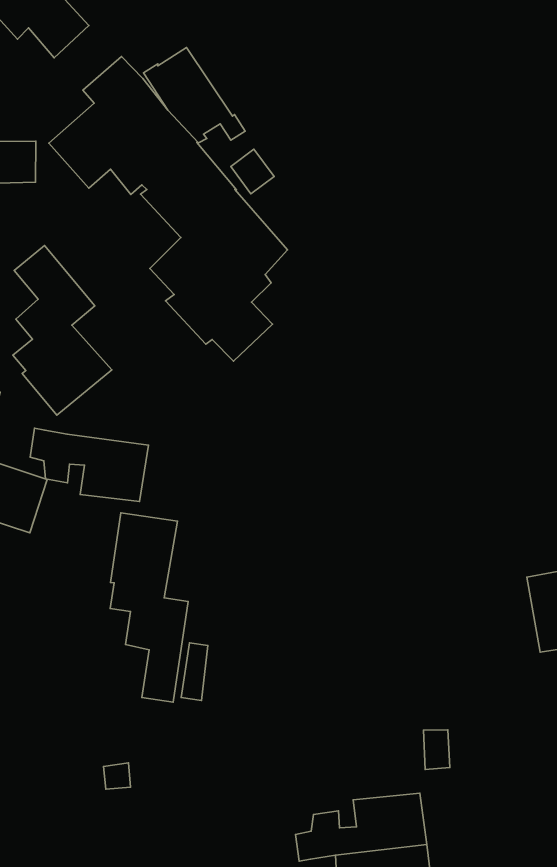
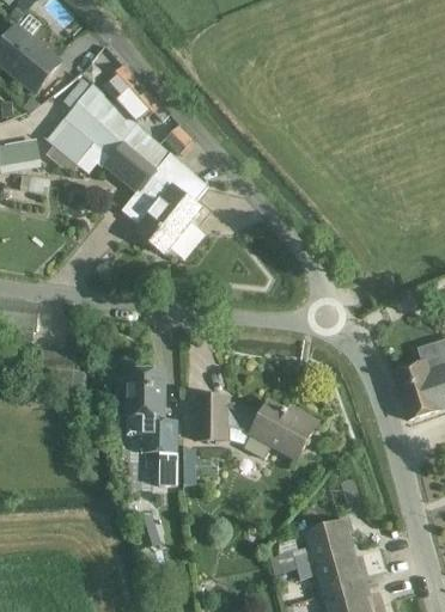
building: [13,246,112,415] -> none
building: [30,428,149,502] -> none
building: none -> [193,396,315,459]

